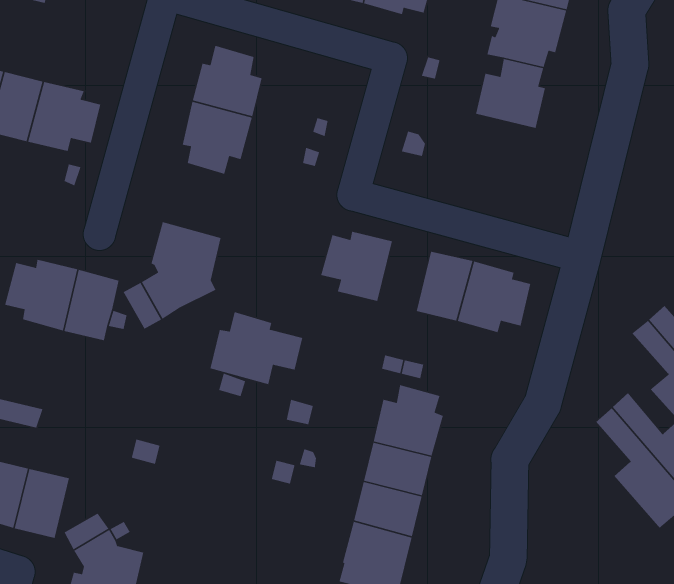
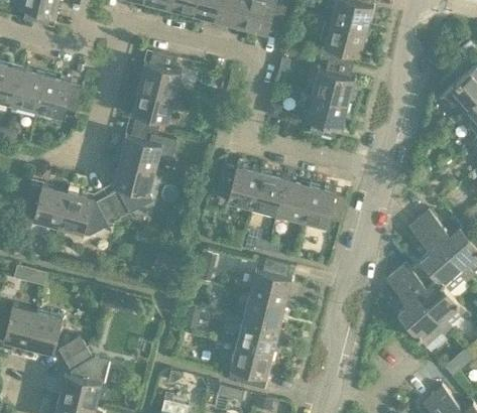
building: none -> [304,94,348,139]
building: none -> [251,171,283,215]
building: [209,311,303,385] -> [119,124,176,169]

